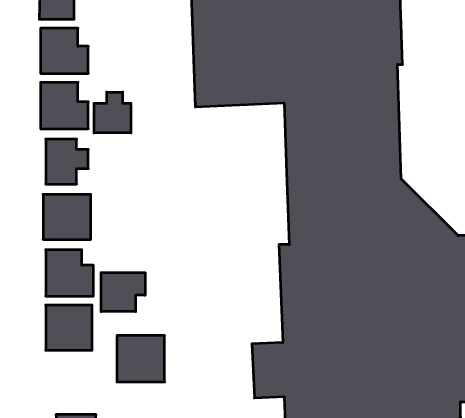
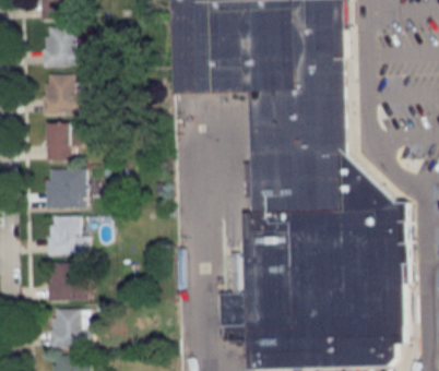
building: [94,92,131,133] -> none
building: [101,273,145,312] -> none
building: [117,336,165,382] -> [49,309,90,348]

